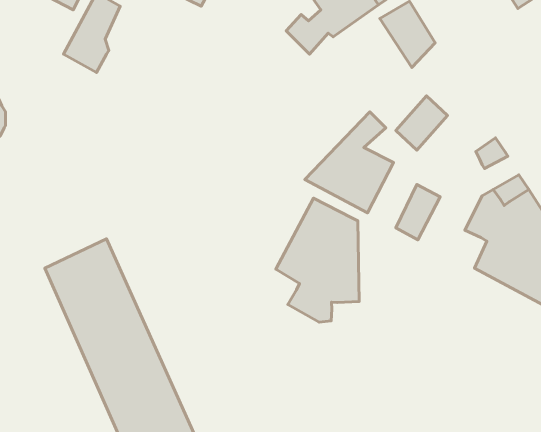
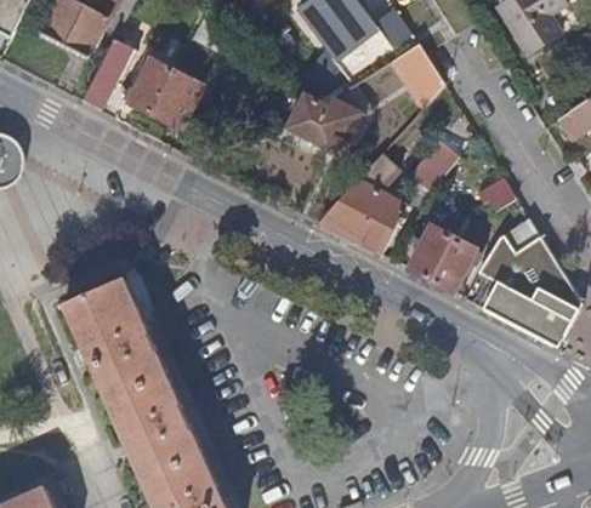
building: none -> [123,57,192,119]
building: none -> [286,91,362,153]
building: none -> [430,236,473,290]
building: [276,198,359,322] -> none

